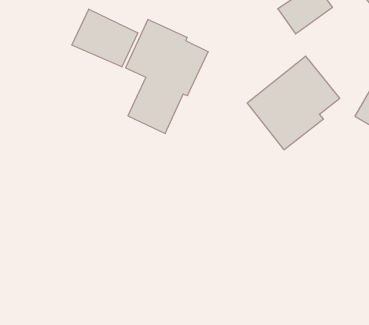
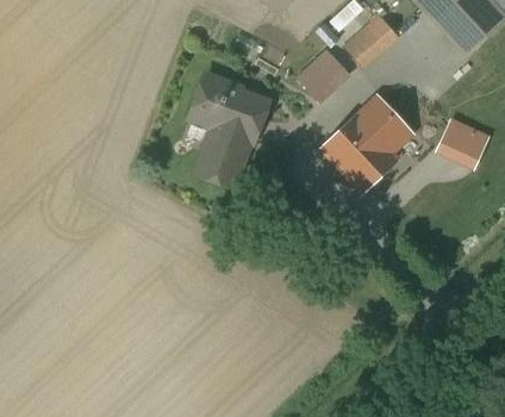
building: [72,9,138,67] -> none
building: none -> [297,49,351,104]

